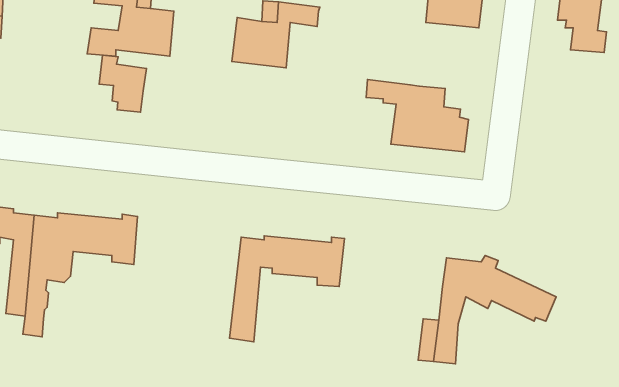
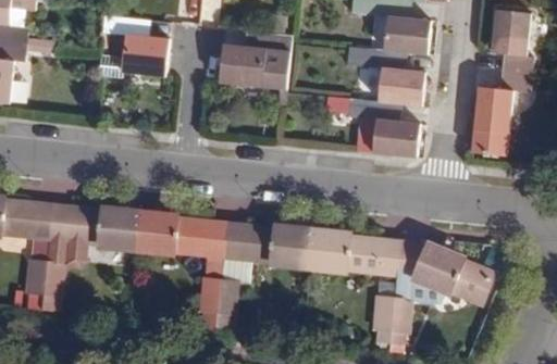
building: none -> [371,48,422,105]
building: none -> [481,71,531,155]
building: [99,55,146,112] -> none
building: none -> [135,211,225,313]
building: none -> [308,229,398,272]

